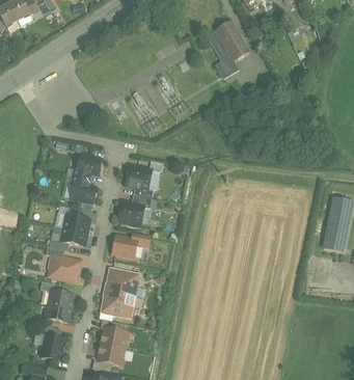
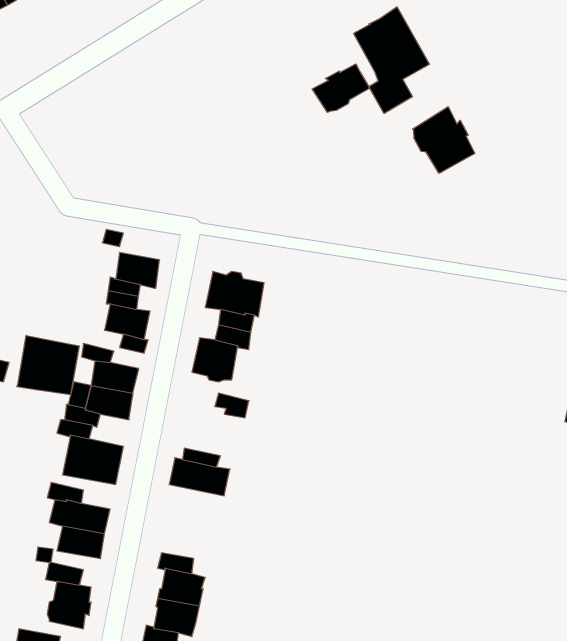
building: none -> [312,64,369,112]
building: none -> [413,107,475,173]
building: none -> [17,335,79,395]
building: [112,236,137,257] -> none
building: [100,281,136,318] -> none

